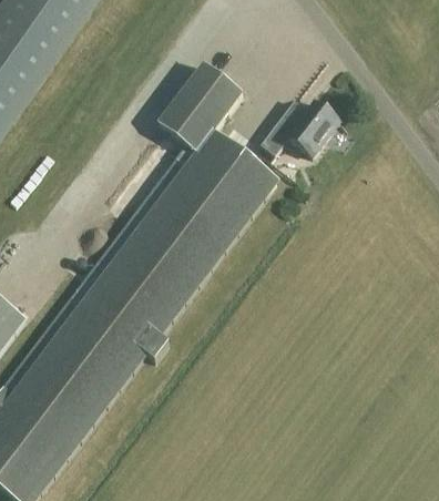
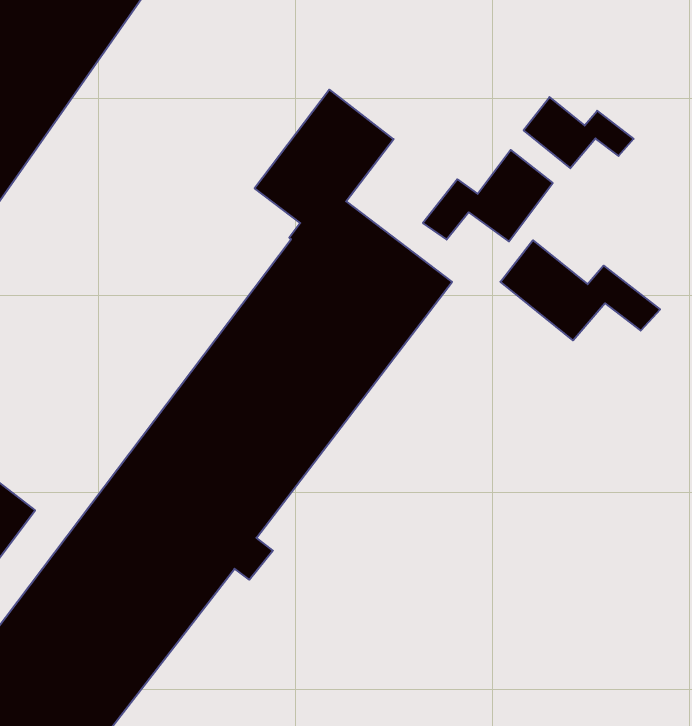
building: none -> [524,97,634,168]
building: none -> [500,240,660,340]

